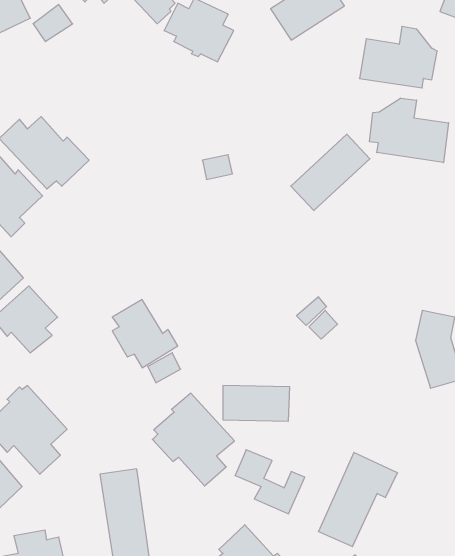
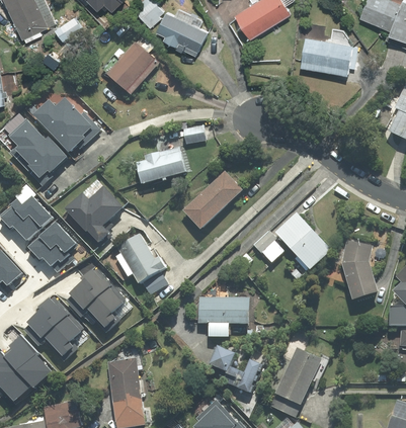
building: none -> [100,42,158,94]
building: [370,98,449,163] -> none
building: [291,134,370,211] -> [182,171,241,228]
building: none -> [136,145,190,183]
building: none -> [64,186,121,242]
building: none -> [276,215,330,269]
building: [152,393,234,486] -> [67,265,128,334]

